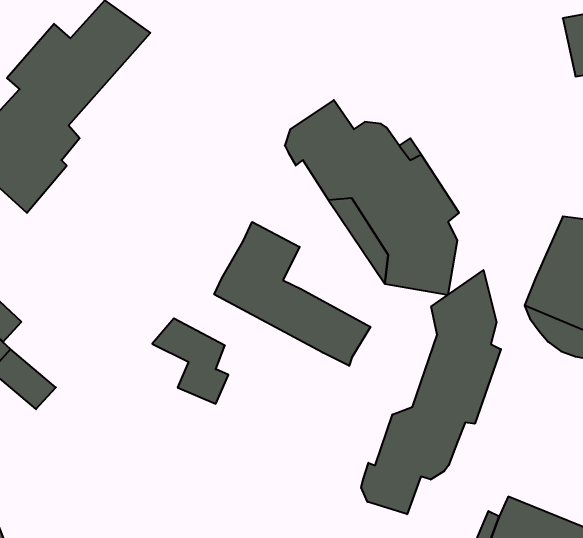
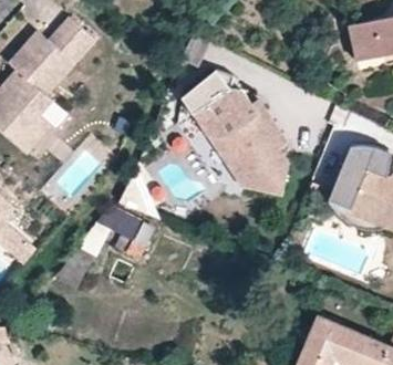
building: [214,222,370,366] -> none
building: [361,270,501,514] -> none

